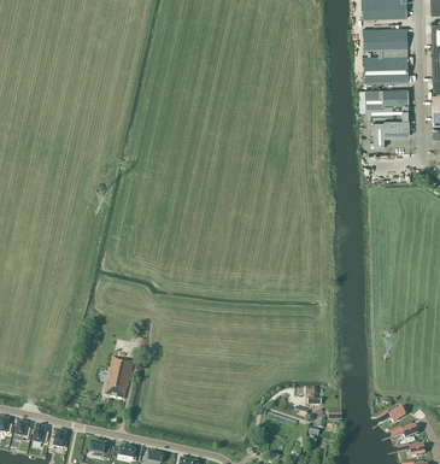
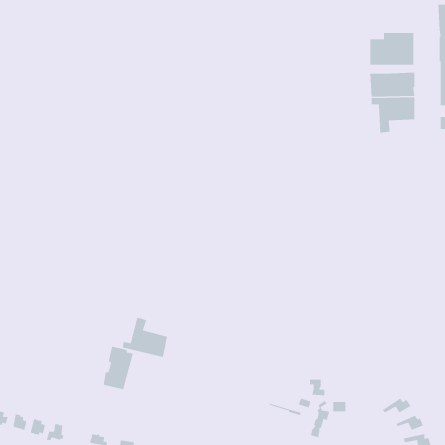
building: [363,28,407,49] -> none
building: none -> [122,317,168,358]

